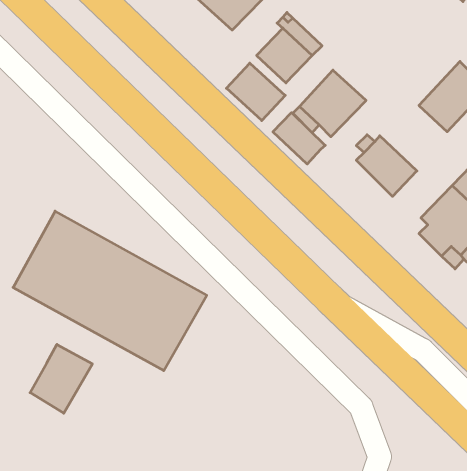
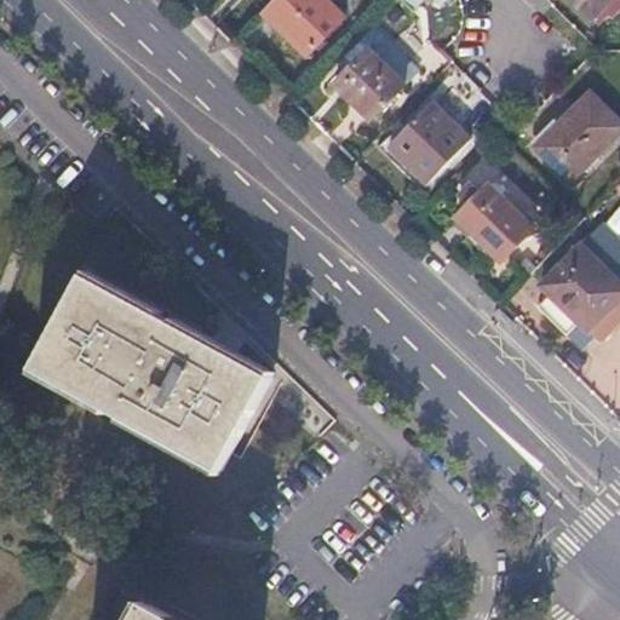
building: [226,63,285,121] -> none
building: [273,113,325,164] -> none
building: [30,344,92,413] -> none

